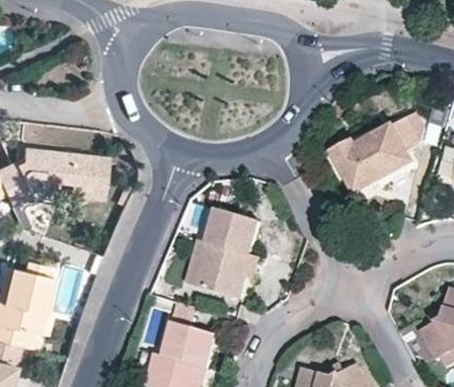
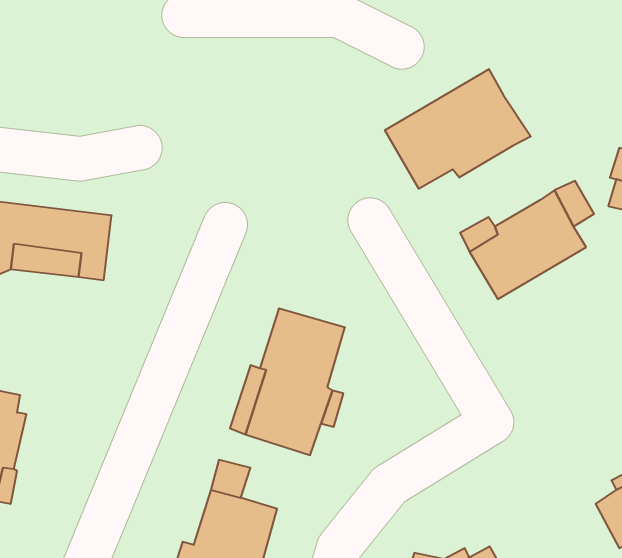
building: none -> [385,69,531,189]

